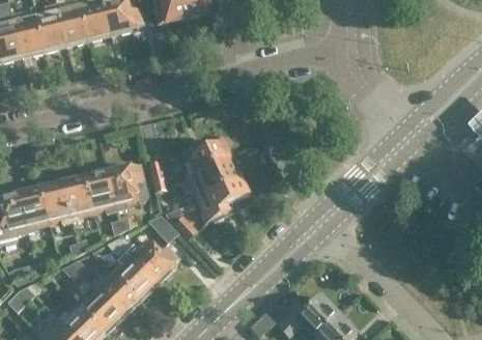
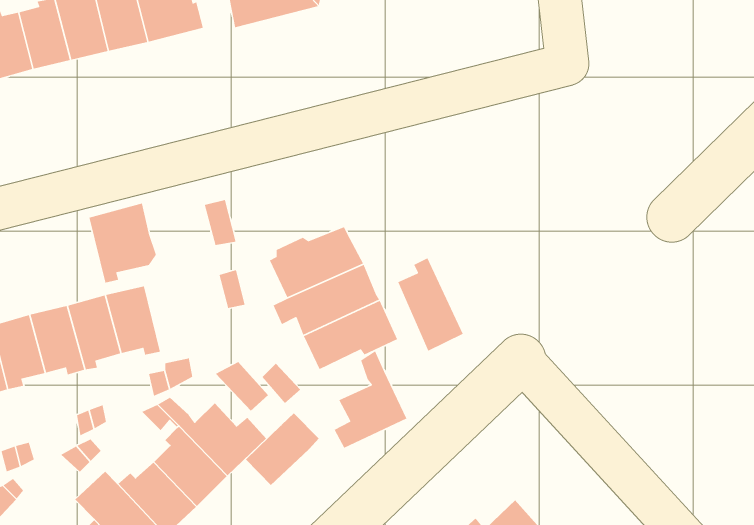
building: none -> [397,257,464,352]
building: [108,163,147,209] -> [88,203,157,284]
building: none -> [333,350,407,449]
building: none -> [245,412,320,486]

